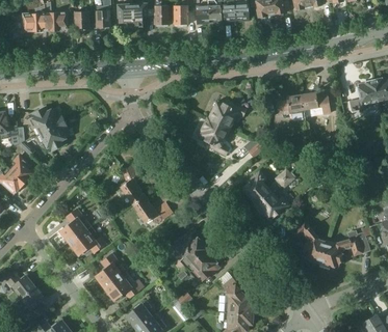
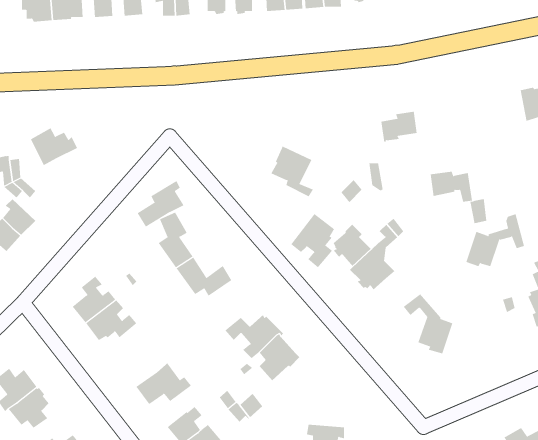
building: [354,80,378,112] -> none
building: [300,92,330,114] -> [430,171,473,202]
building: [208,101,245,129] -> none
building: [34,120,69,153] -> none
building: none -> [137,180,185,228]
building: none -> [290,213,335,268]
building: [319,230,361,268] -> [466,213,525,267]
building: [95,254,127,287] -> none
building: [222,278,252,315] -> none

